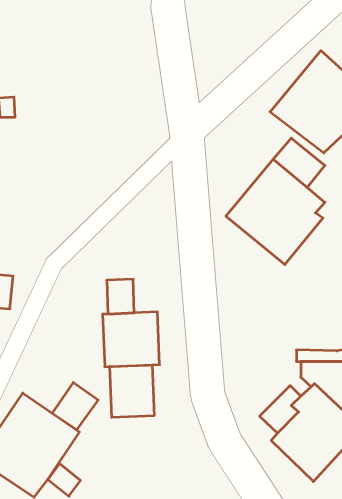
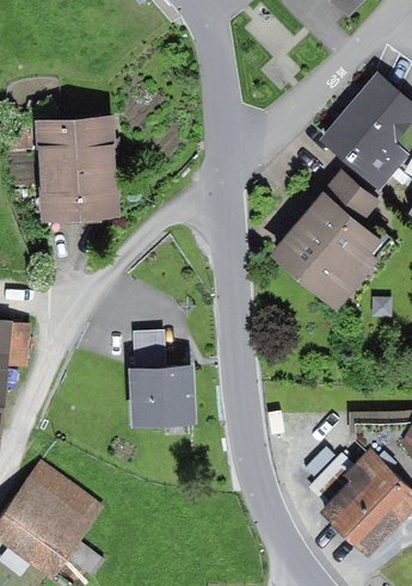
building: none -> [35,116,119,222]
building: [110,365,154,417] -> none
building: [52,382,98,430] -> none

